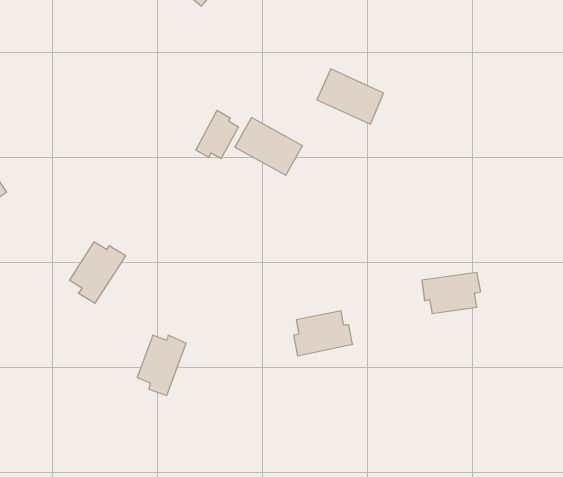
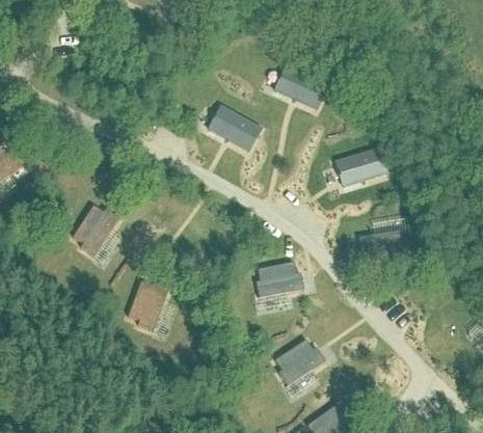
building: [196,110,238,159] -> none
building: none -> [336,146,388,186]
building: none -> [275,339,325,385]

